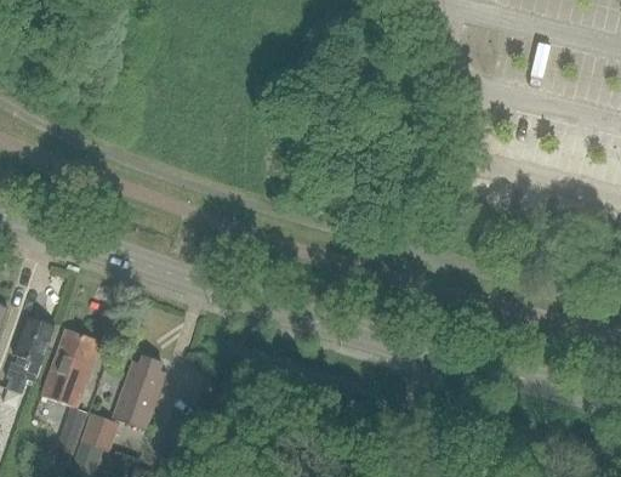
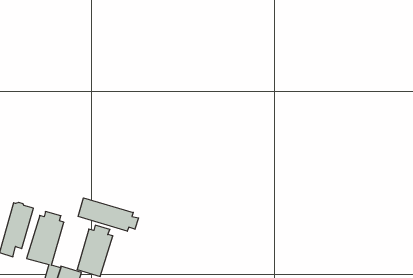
building: none -> [78,198,139,231]

